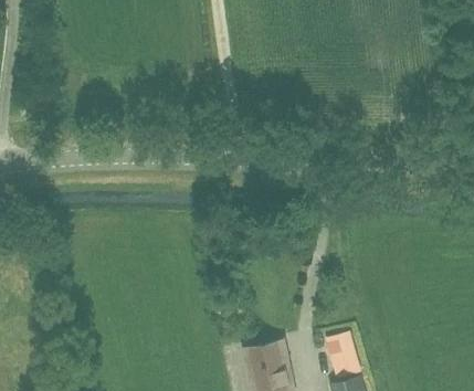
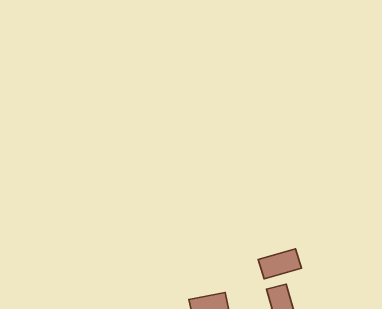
building: none -> [258,249,301,279]

